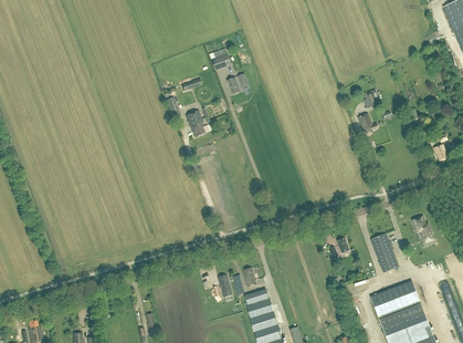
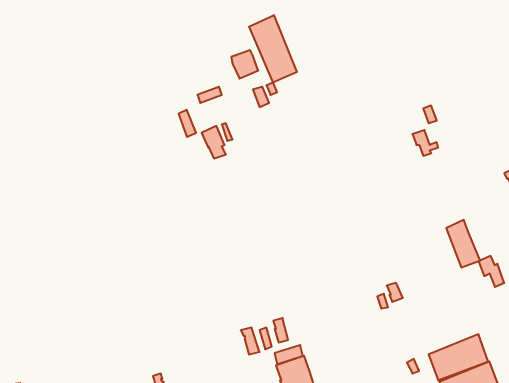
building: none -> [249,15,297,83]
building: [370,233,398,272] -> [446,220,480,267]

